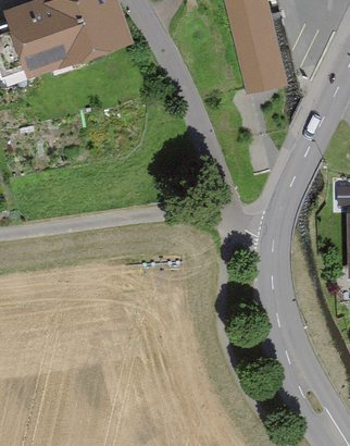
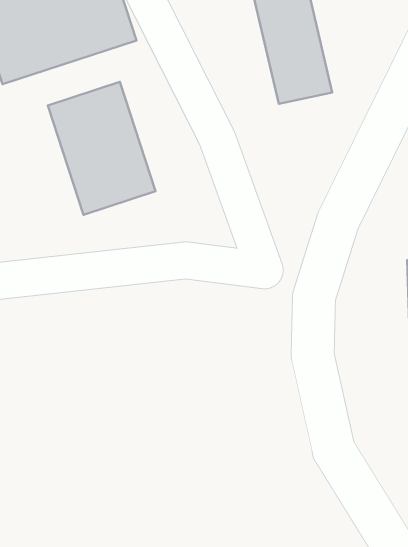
building: none -> [48,82,156,215]

